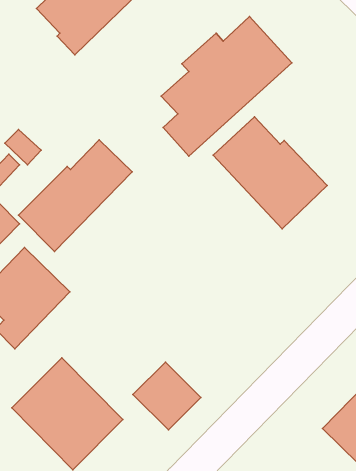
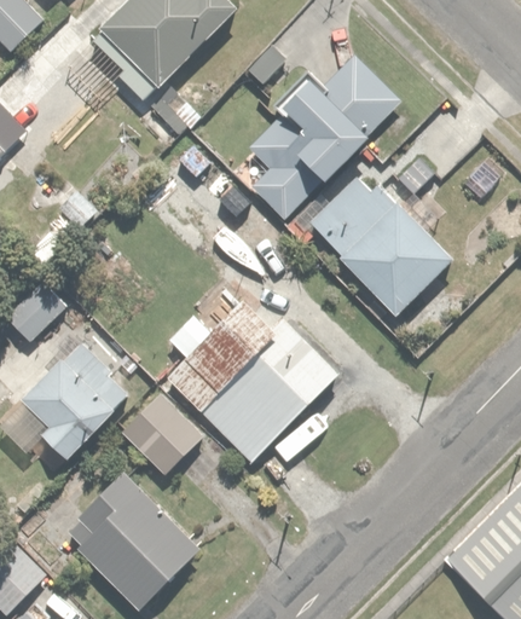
building: [19,140,132,251] -> none
building: none -> [167,289,338,464]
building: [133,362,201,430] -> [122,393,205,476]

